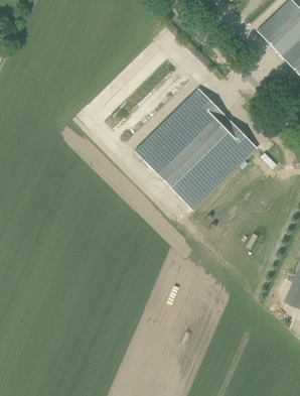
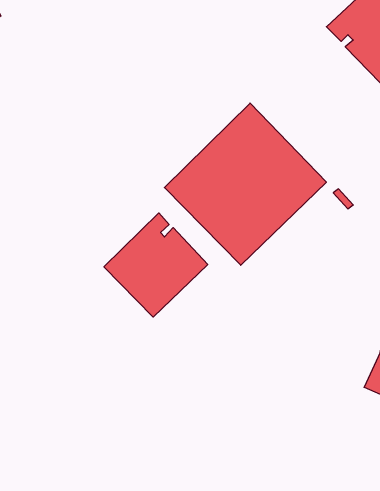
building: none -> [104,213,208,317]

